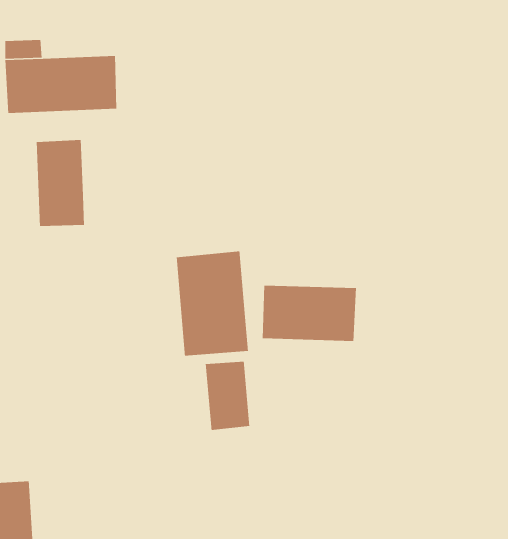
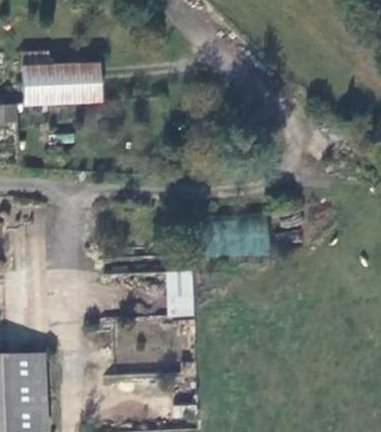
building: [36,139,85,227] -> none
building: [176,251,249,357] -> none

